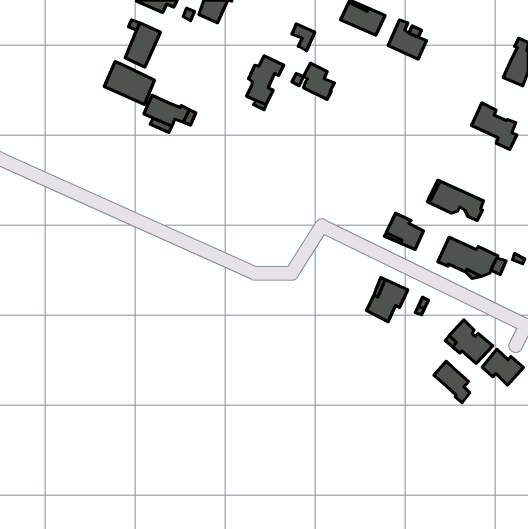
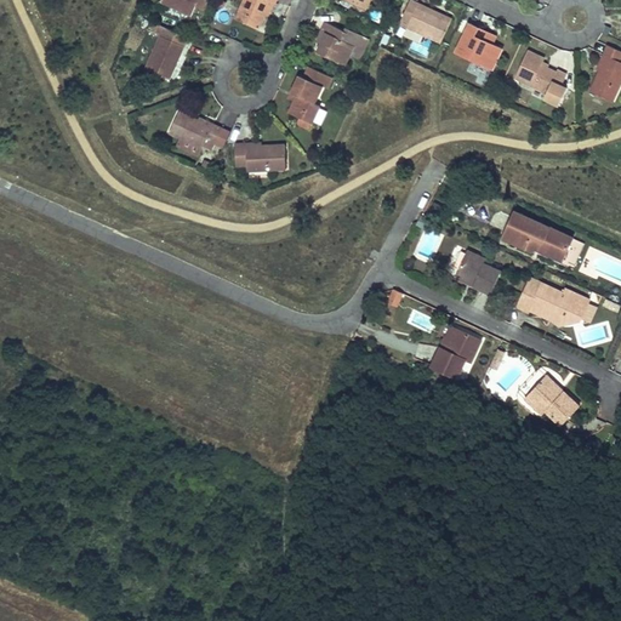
building: [104,62,155,104] -> none
building: [303,63,334,99] -> [318,22,354,64]
building: [471,103,517,149] -> [514,50,568,104]
building: none -> [234,144,286,172]
building: [482,349,523,385] -> none
building: [434,361,470,403] -> none

